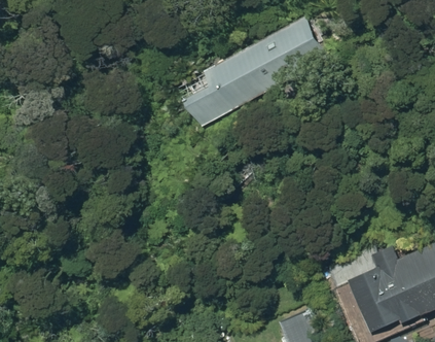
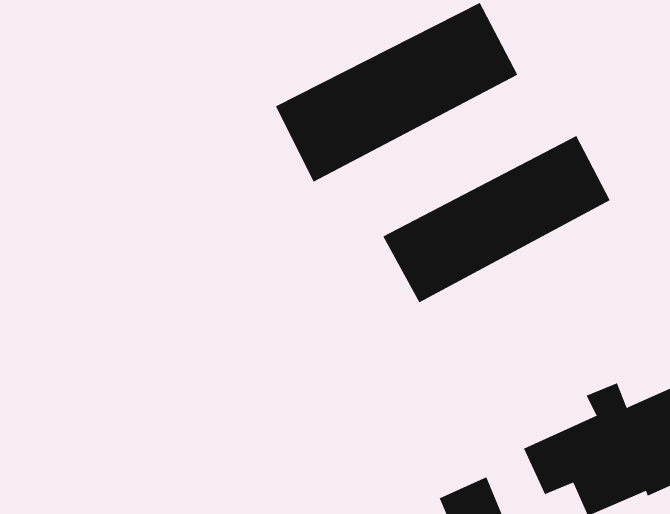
building: none -> [383,135,610,303]

